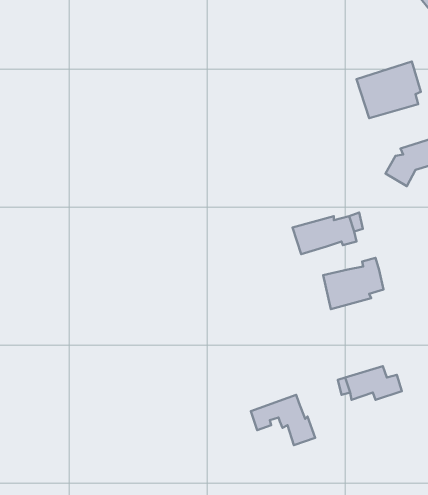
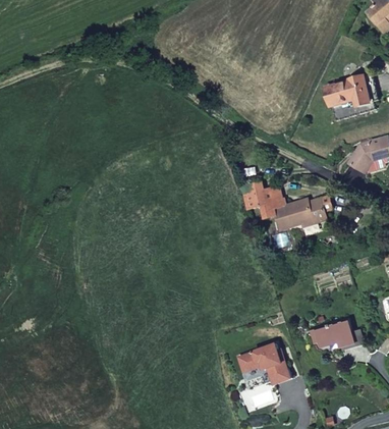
building: none -> [241,186,270,208]
building: [323,258,384,309] -> none

